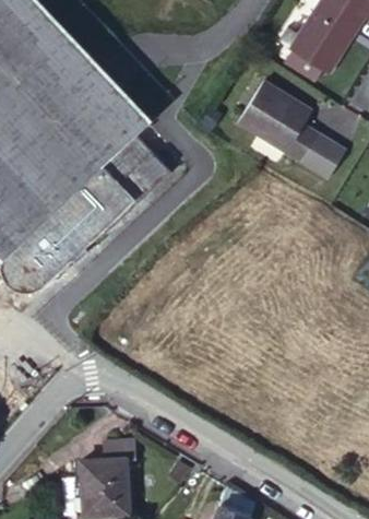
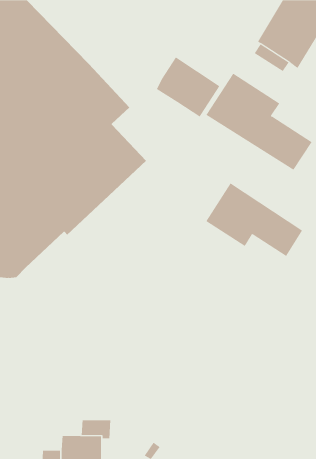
building: none -> [156,56,220,117]
building: none -> [206,182,303,257]

